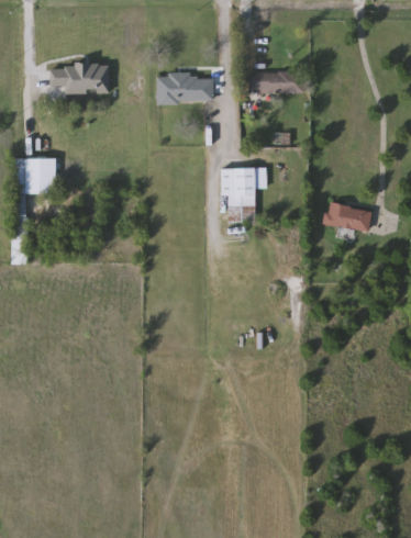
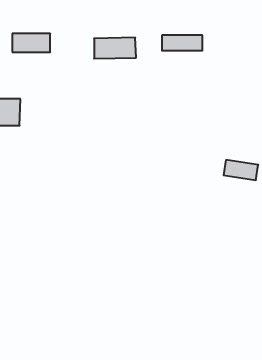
building: [223,168,256,223] -> none
building: [325,203,373,231] -> [224,160,258,180]

